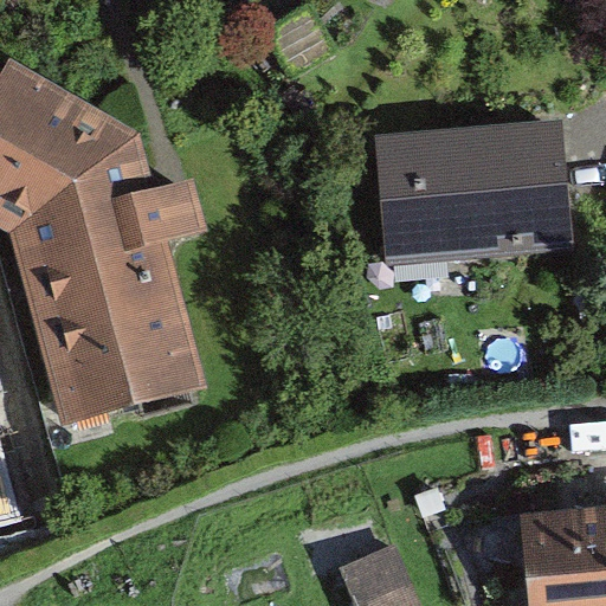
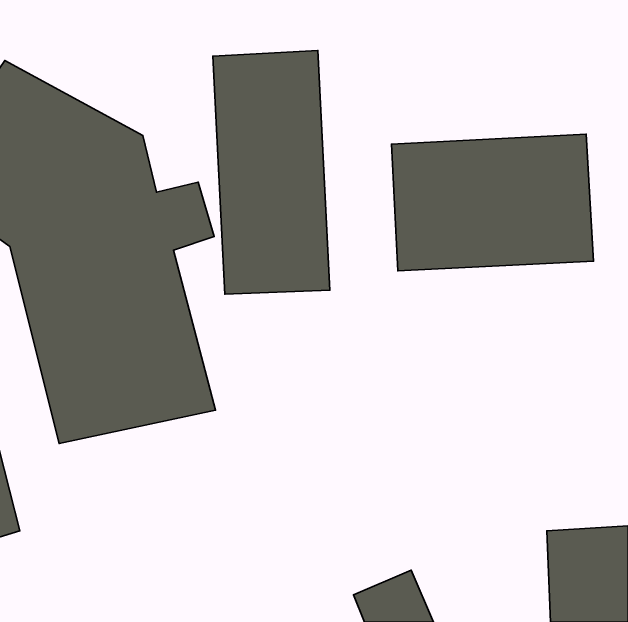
building: none -> [213,51,330,294]

